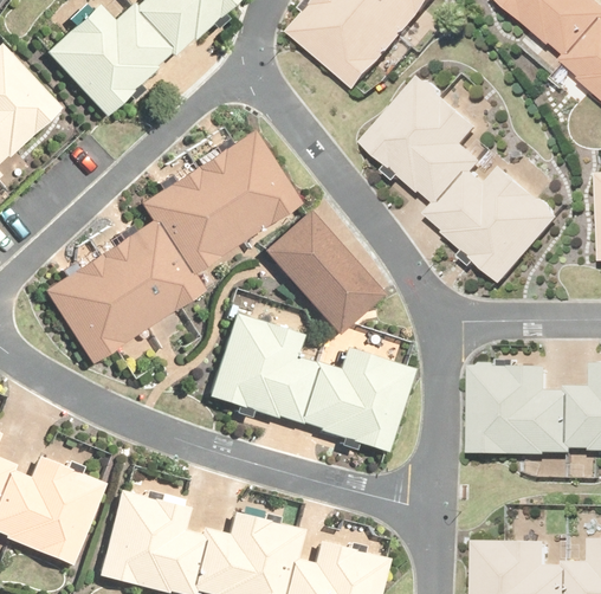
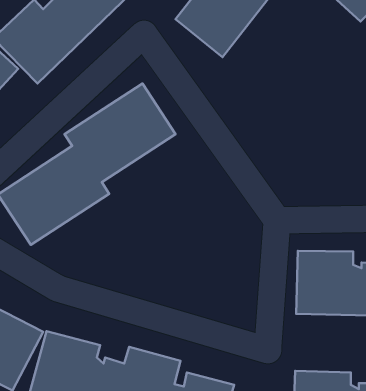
building: [361,77,563,272] -> none
building: [265,208,384,332] -> none
building: [181,310,409,461] -> none

